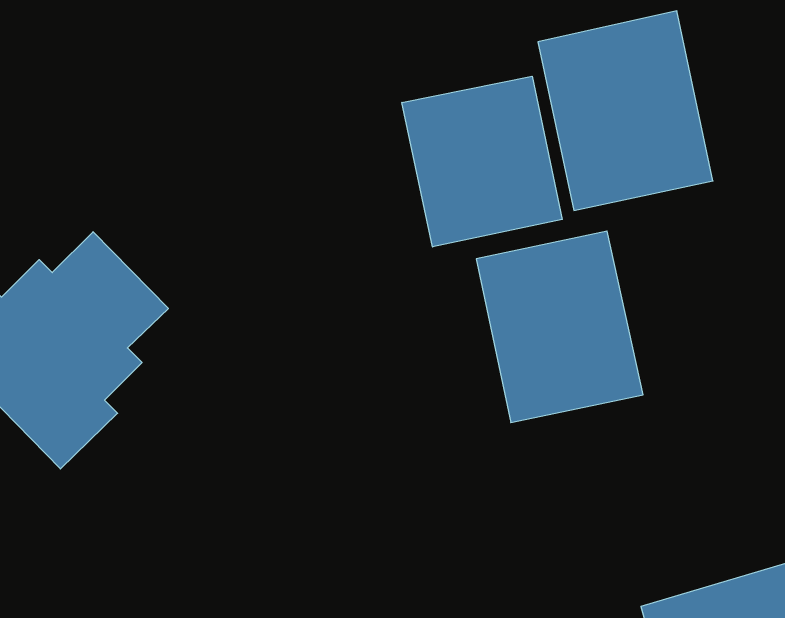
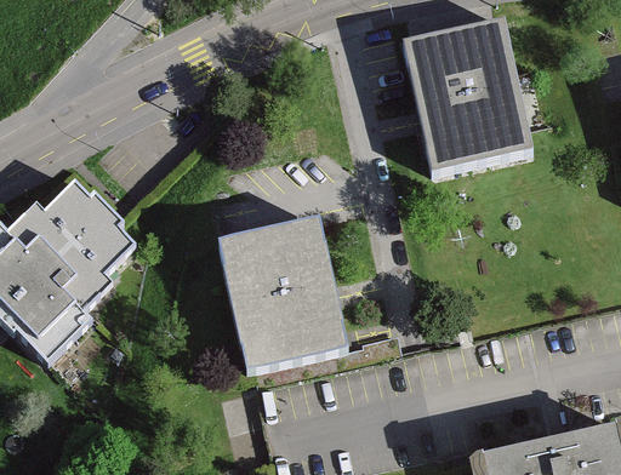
building: [402,76,562,247] -> none
building: [476,231,643,423] -> [221,222,344,364]

